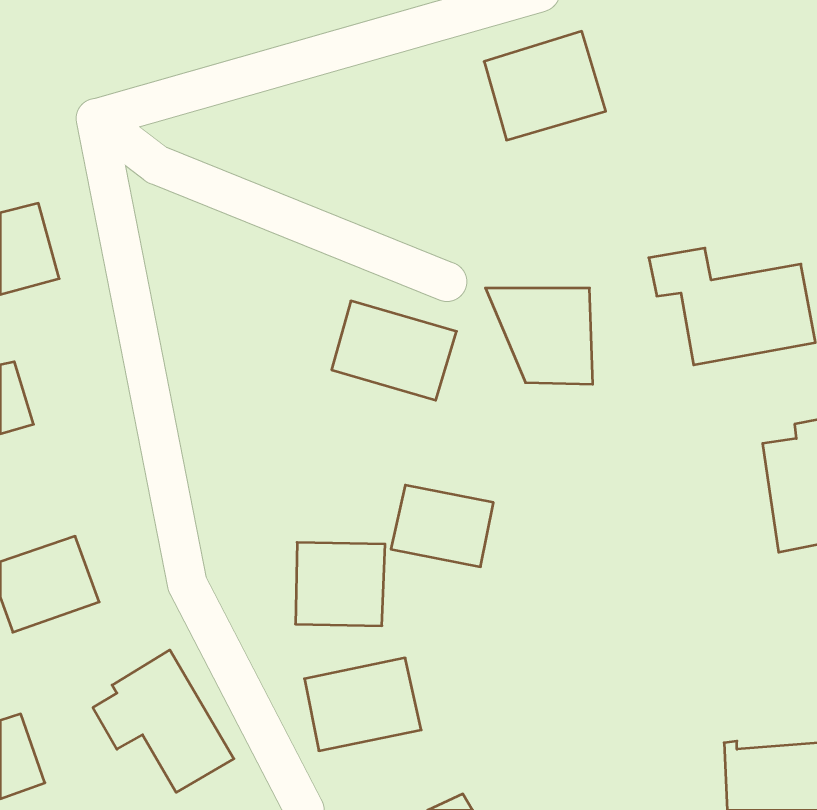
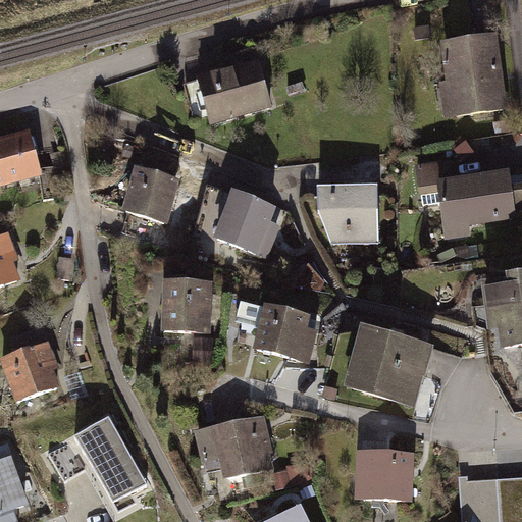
building: [484,31,606,140] -> [193,53,270,122]
building: none -> [438,32,507,114]
building: none -> [128,167,186,217]
building: none -> [334,326,428,408]
building: [295,542,385,626] -> [155,280,212,333]
building: none -> [361,450,414,495]

